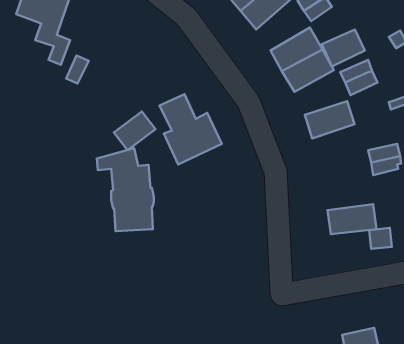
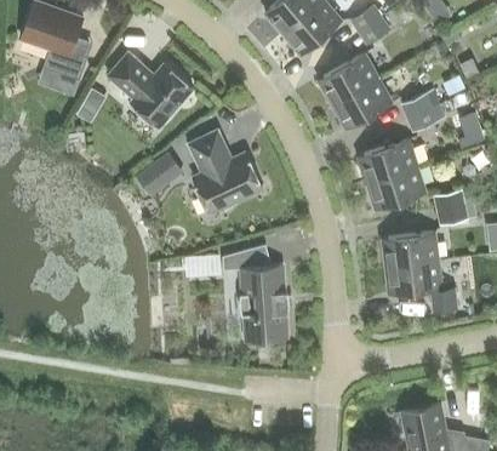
building: none -> [108,52,194,127]
building: [322,29,365,67] -> none
building: none -> [367,166,427,210]
building: [97,148,154,231] -> [223,245,290,342]
building: none -> [382,232,439,267]

